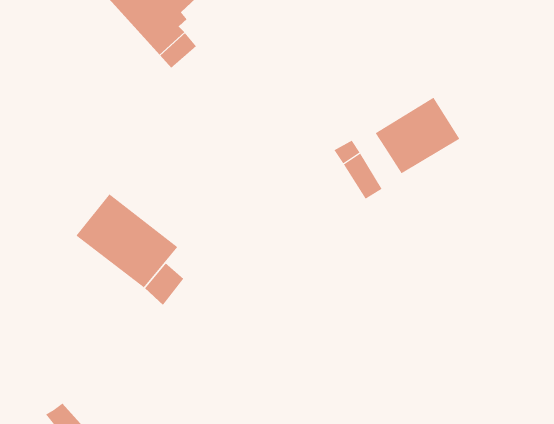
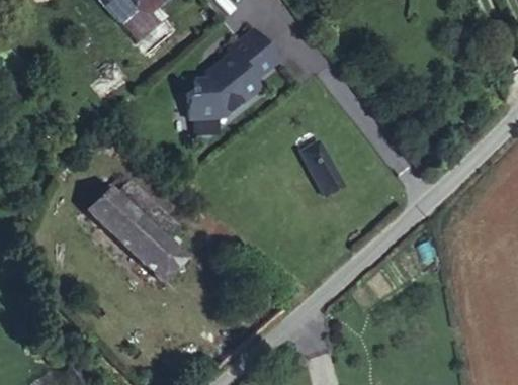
building: none -> [190,25,280,115]
building: [375,97,460,174] -> none

